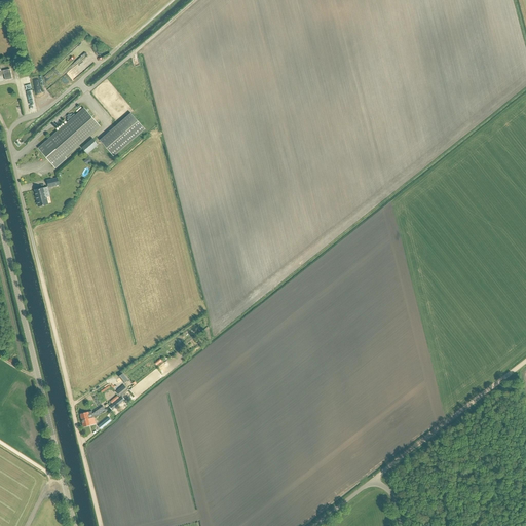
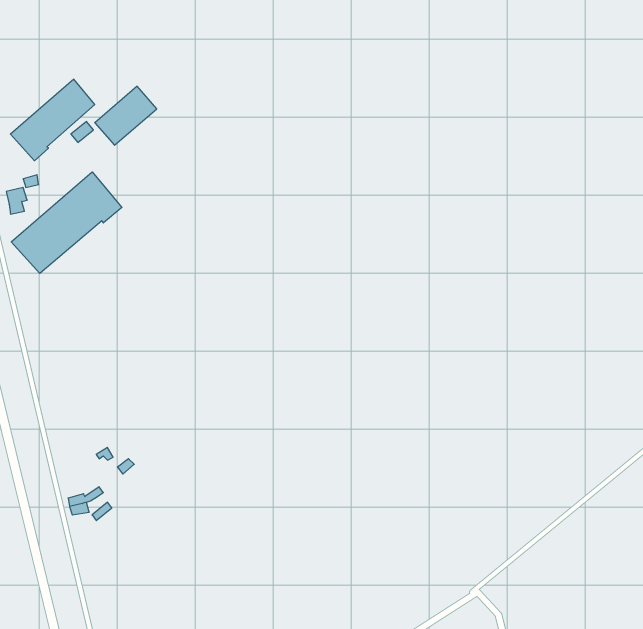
building: none -> [11,172,122,273]

